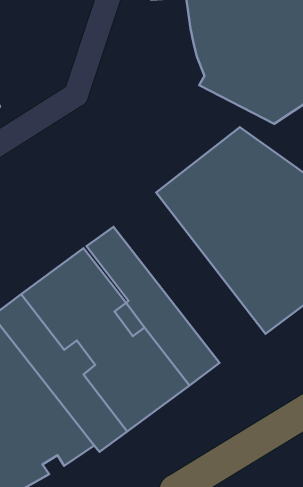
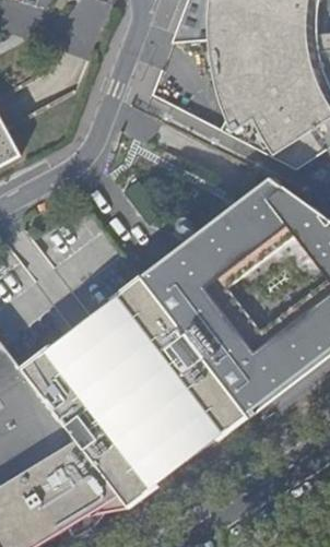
building: none -> [133,242,290,419]

